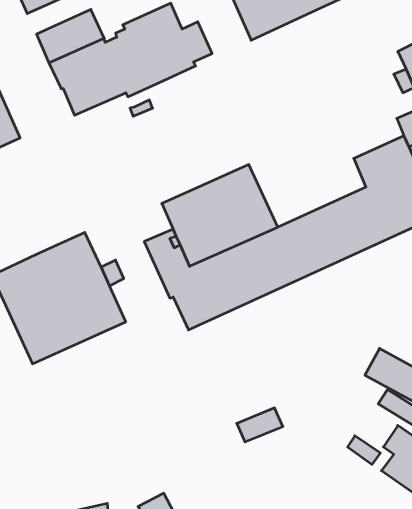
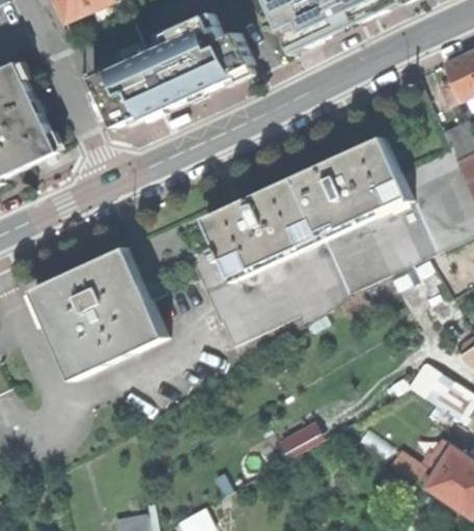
building: none -> [291,136,410,240]

